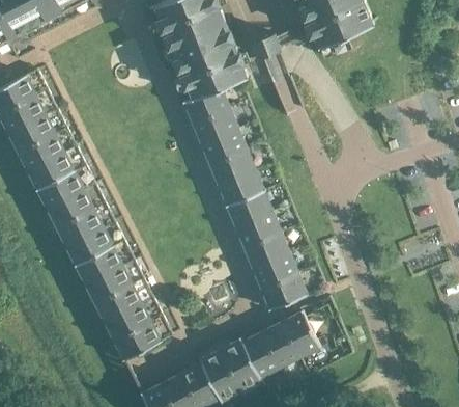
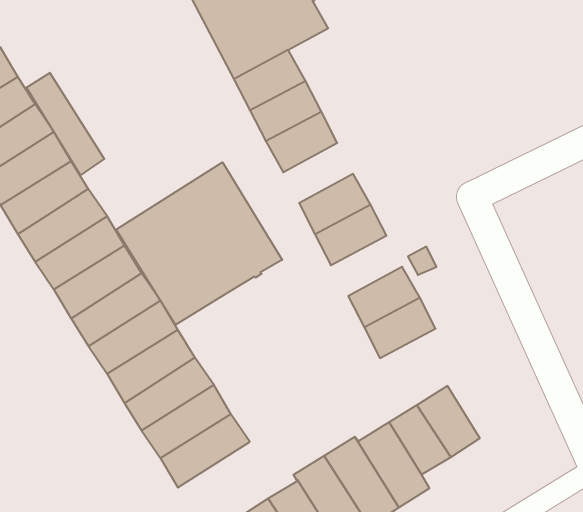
building: none -> [26,73,104,175]
building: [209,148,254,185] -> none
building: none -> [116,162,282,325]
building: [234,211,280,247] -> none
building: [260,273,306,309] -> none

